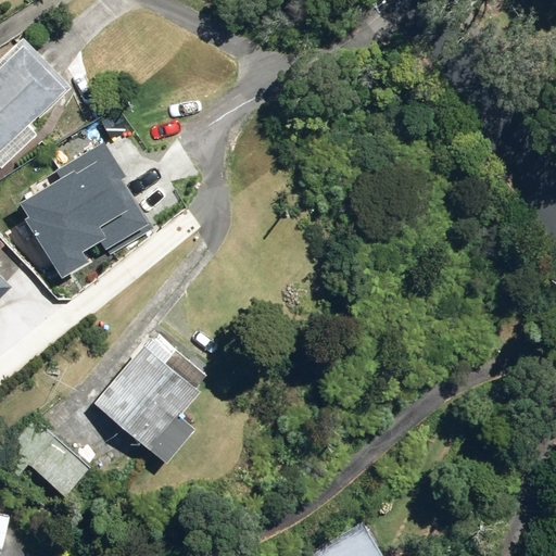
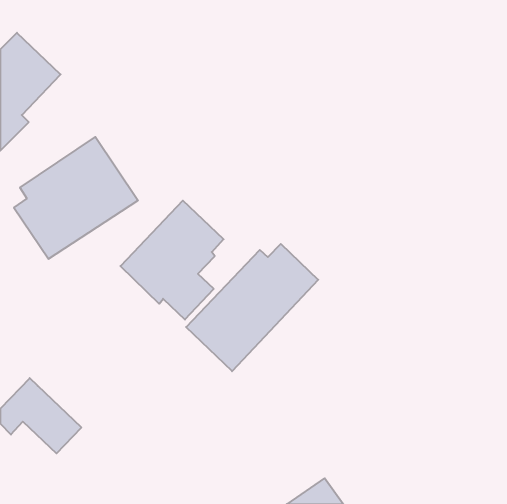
building: none -> [186,244,318,371]
building: [91,332,204,463] -> [120,201,224,320]

